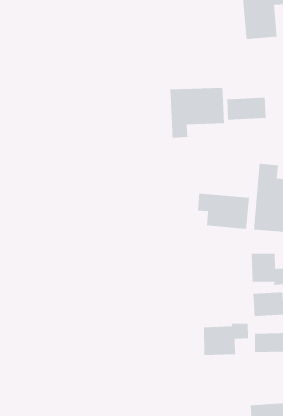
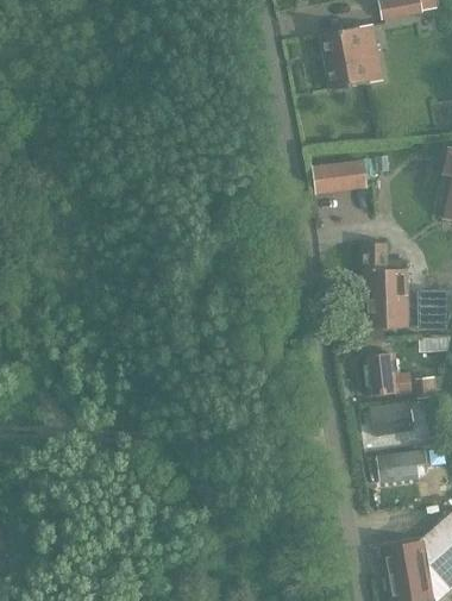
building: [170,87,224,139] -> none
building: [198,193,250,229] -> none
building: [204,323,249,356] -> none

